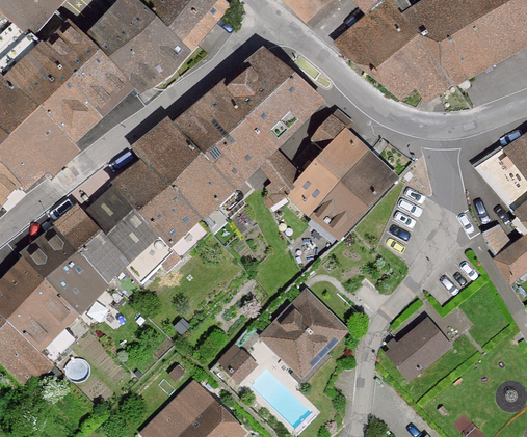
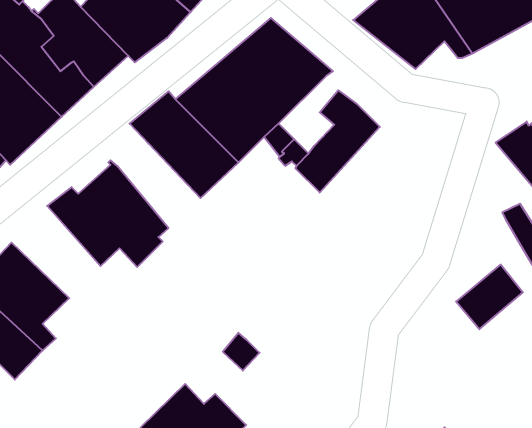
building: [311,152,398,238] -> none
building: [122,167,210,257] -> none
building: [20,225,106,311] -> none
building: [264,292,344,381] -> none
building: [387,318,449,378] -> [456,265,523,329]

